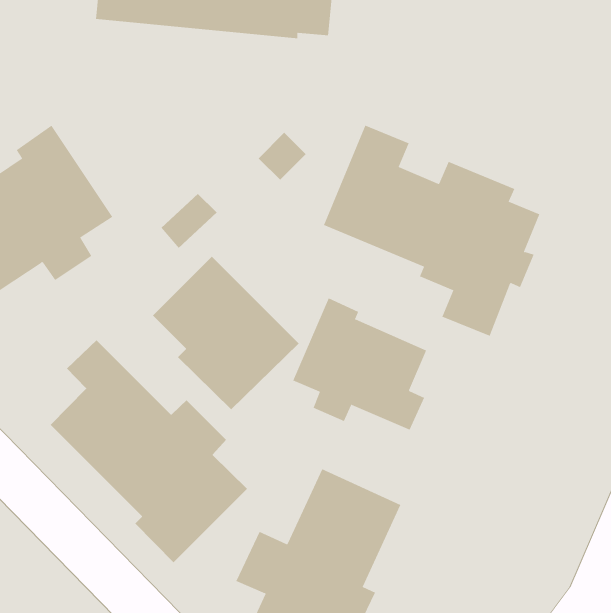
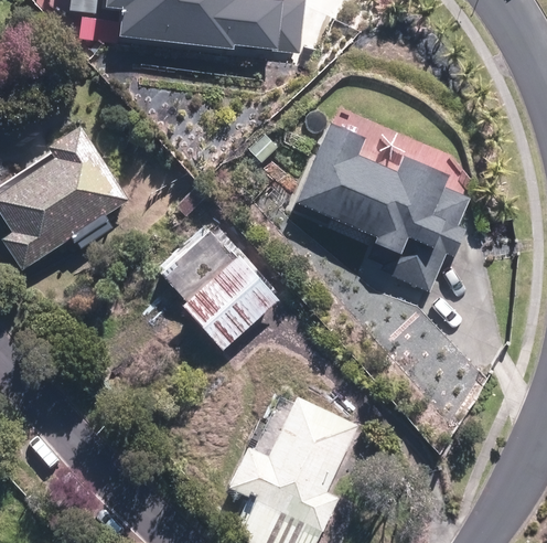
building: [292,297,427,430] -> none
building: [50,340,248,563] -> none

